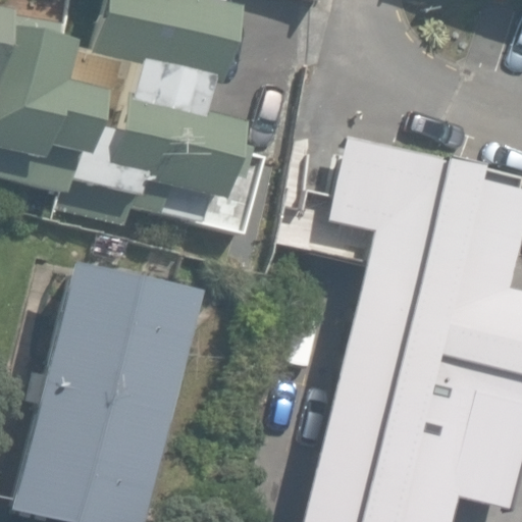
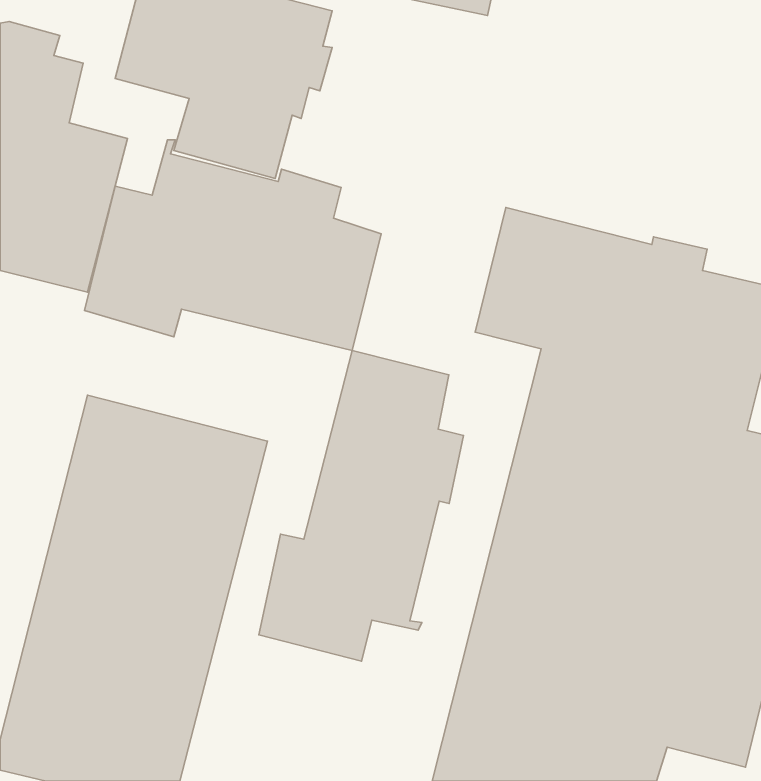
building: none -> [259,351,463,661]

